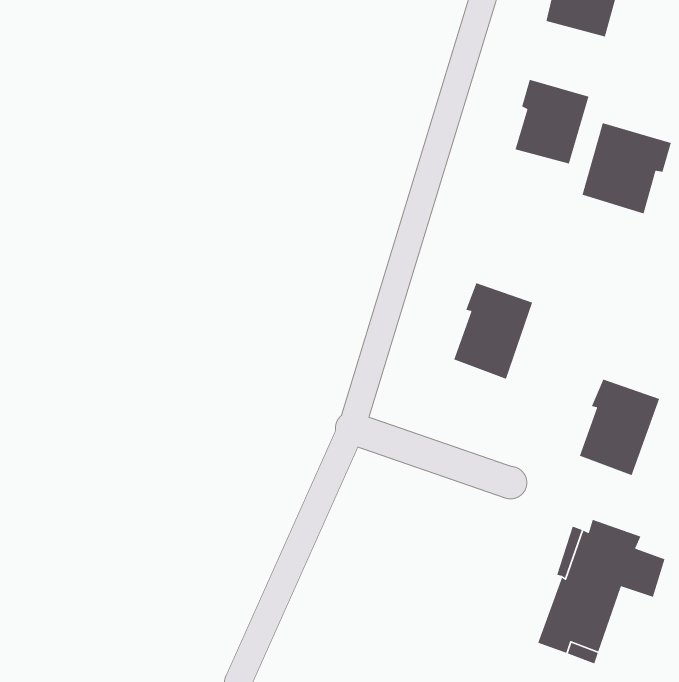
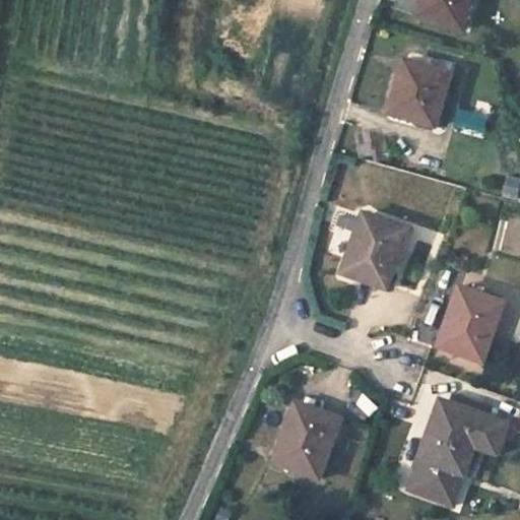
building: [581,122,672,215] -> none
building: none -> [273,404,338,477]

